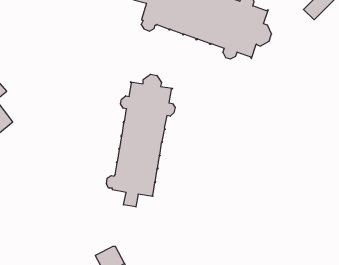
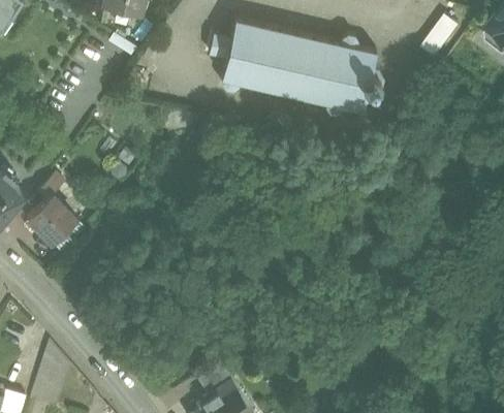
building: [107,74,175,207] -> none

